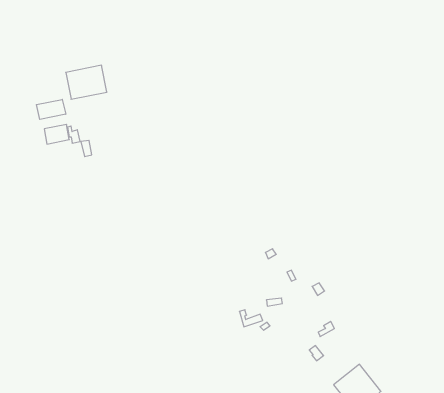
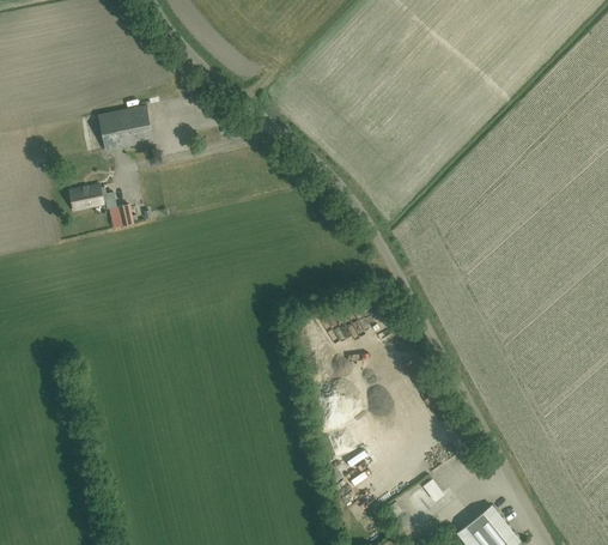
building: [36,99,66,119] -> none

